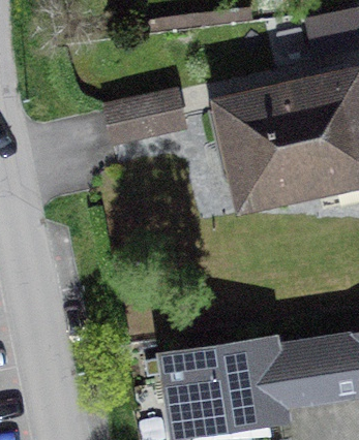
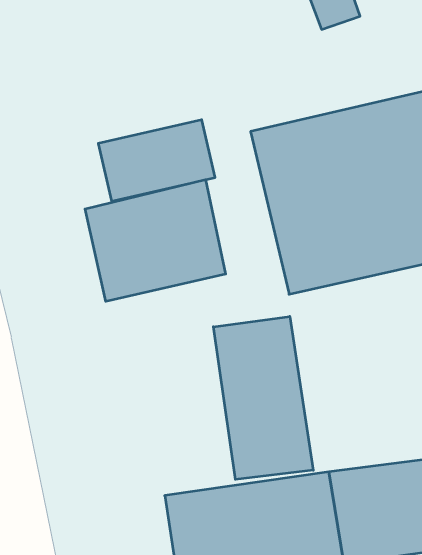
building: none -> [85,180,226,301]
building: none -> [213,316,313,479]

